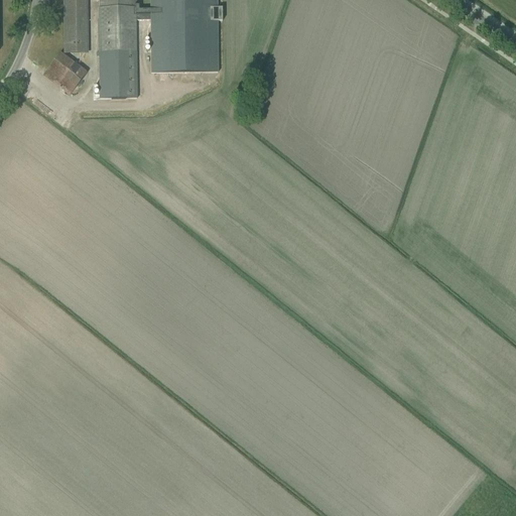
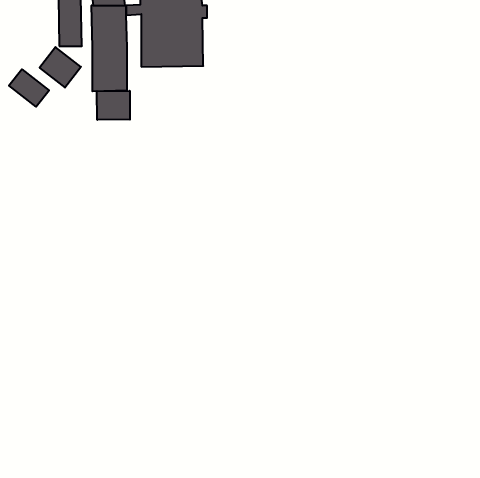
building: none -> [9,69,49,107]
building: none -> [97,91,130,120]

